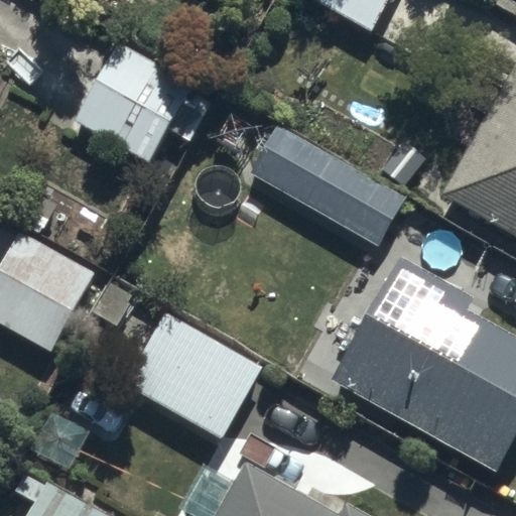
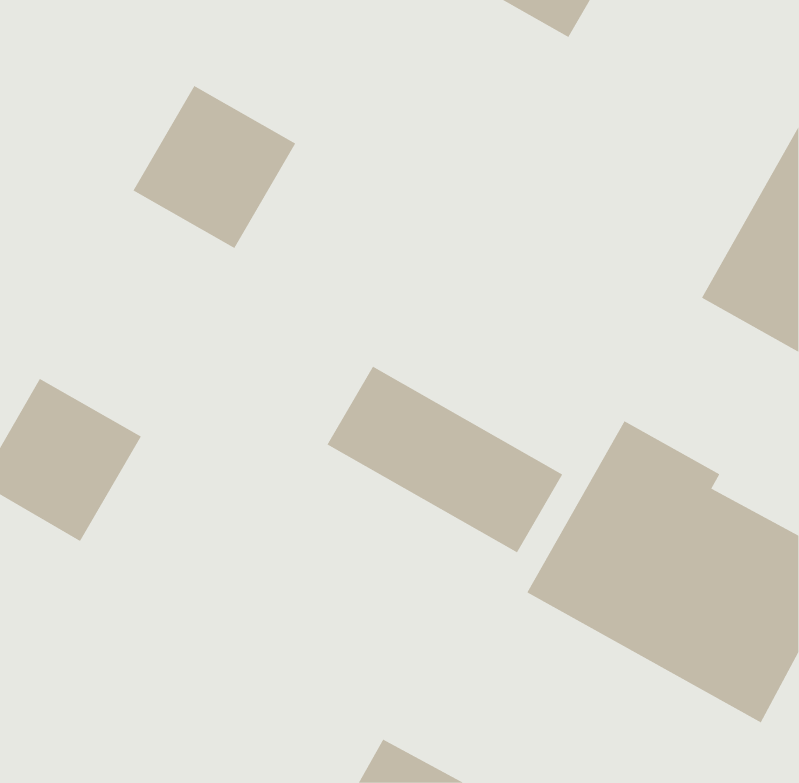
building: [248,122,399,242] -> [327,366,563,553]
building: [132,322,260,440] -> none

